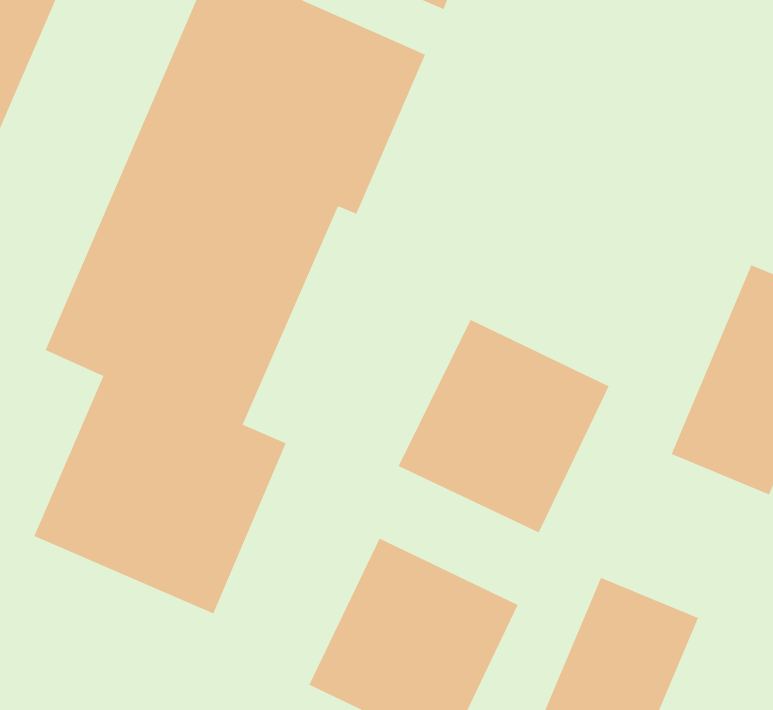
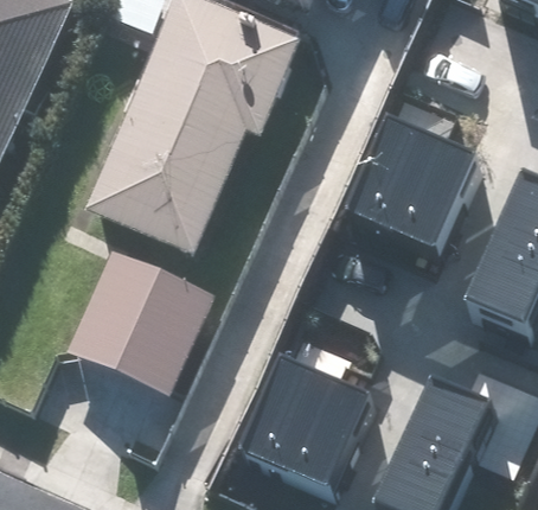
building: [398,319,610,533] -> [340,108,475,244]

